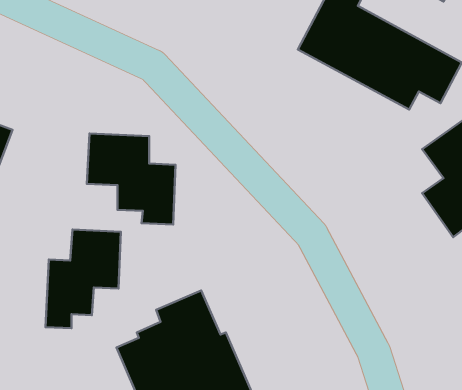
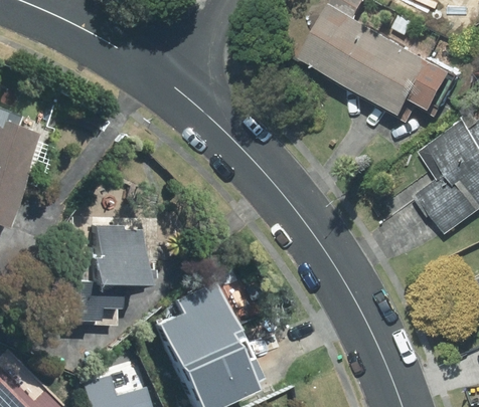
building: [87,133,176,225] -> none

